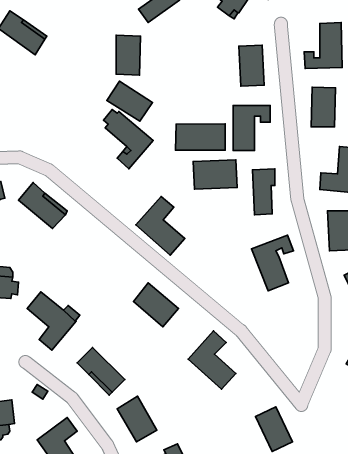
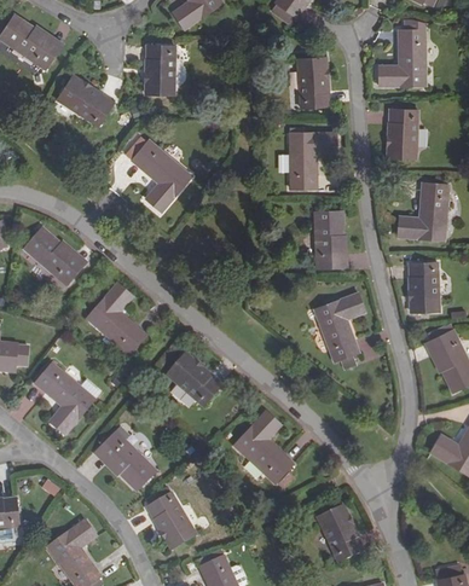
building: [107,81,153,121] -> [57,75,114,124]
building: [175,124,225,150] -> none
building: [193,160,237,189] -> none
building: [136,197,185,255] -> [86,283,146,355]

